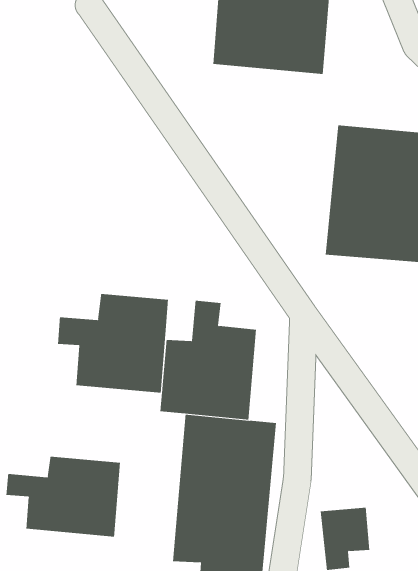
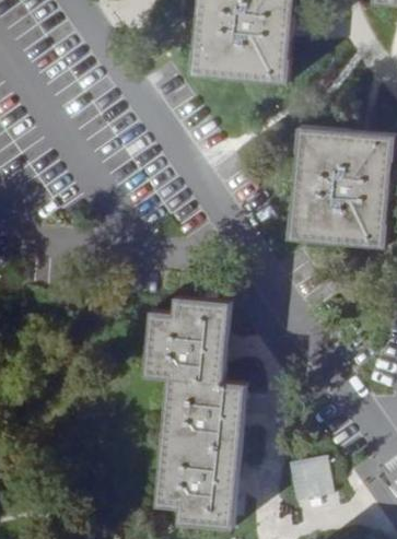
building: [57,293,169,394] -> none
building: [6,456,120,538] -> none

